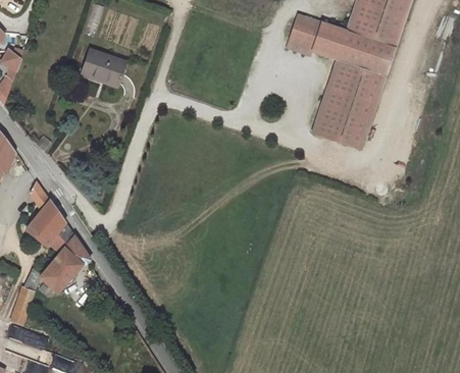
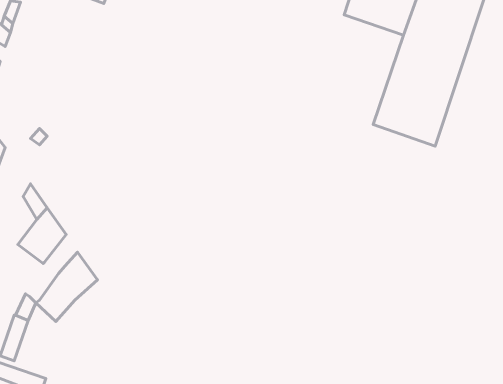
building: [82,49,124,85] -> none
building: [47,221,73,252] -> none

